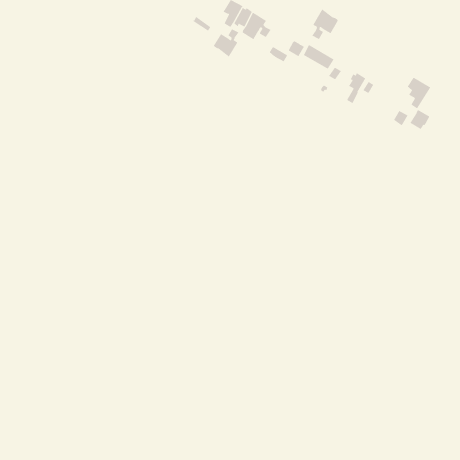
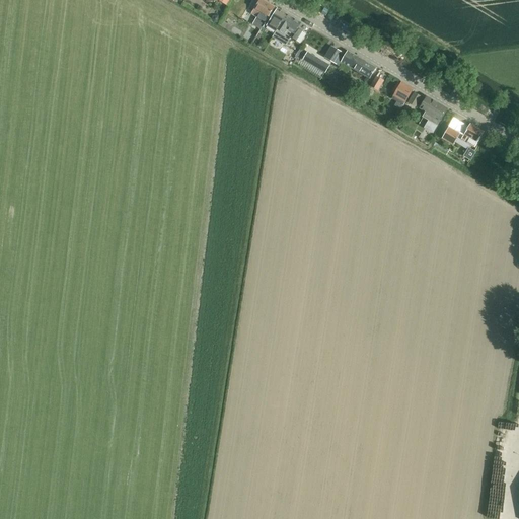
building: [312,9,339,40] -> none
building: [213,28,239,57] -> none
building: [407,77,431,109] -> [420,95,447,132]

